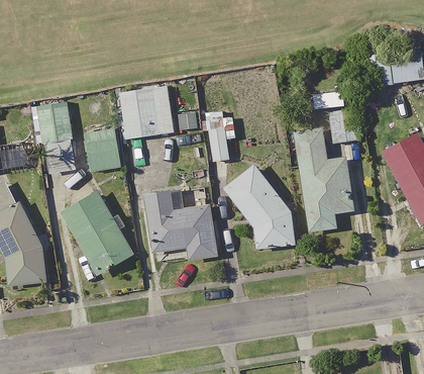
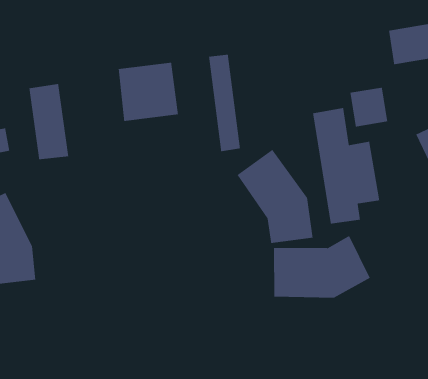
building: [84,127,120,172] -> none
building: [61,190,133,277] -> none
building: [144,190,216,260] -> none
building: none -> [273,235,371,299]

